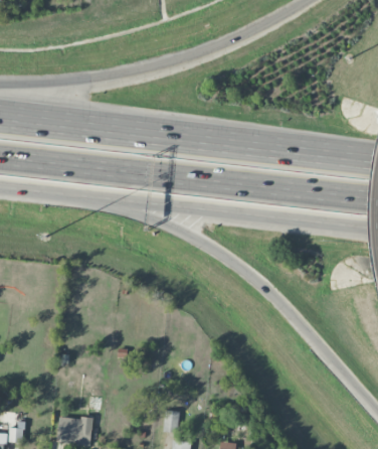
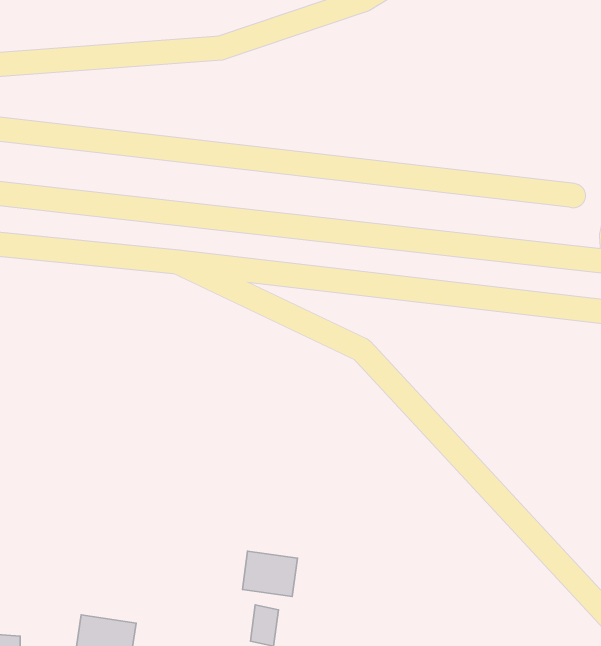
building: none -> [242,551,297,596]

